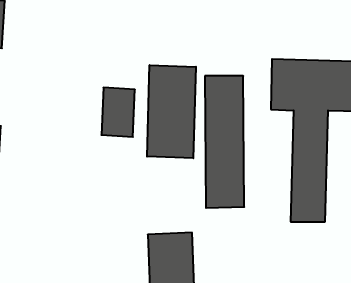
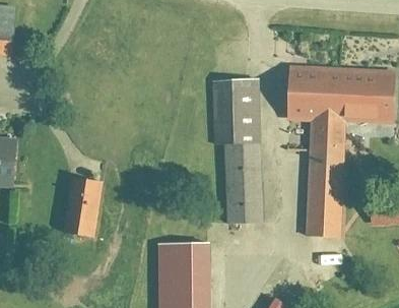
building: [147,65,196,158] -> none
building: [101,88,135,137] -> [67,181,102,232]

